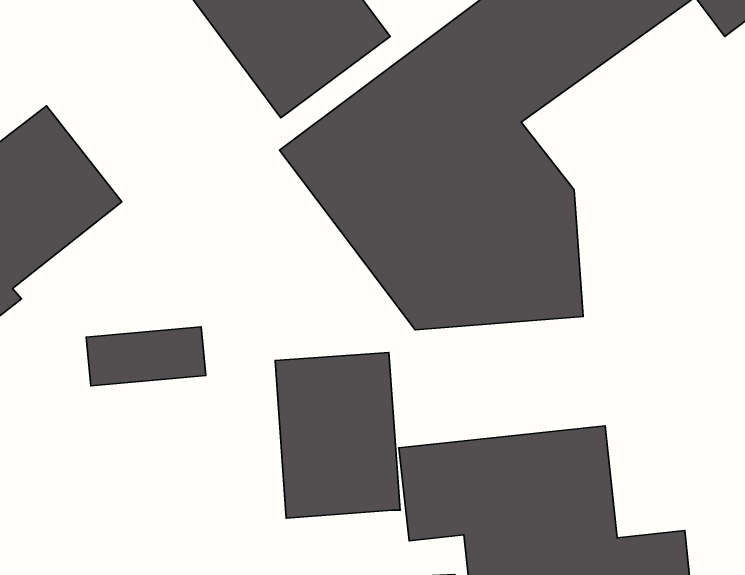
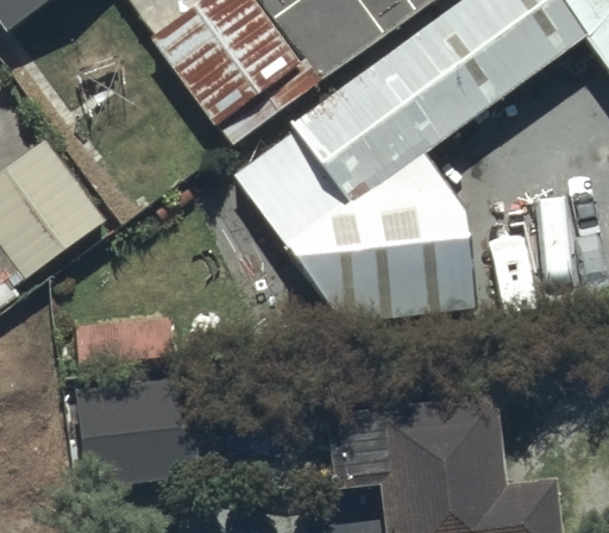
building: [275,353,400,518] -> none
building: none -> [77,380,187,488]

